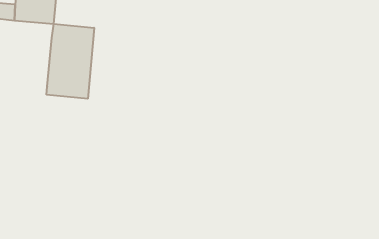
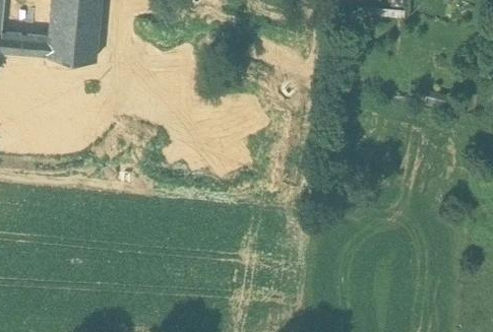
building: [47,24,94,99] -> none

